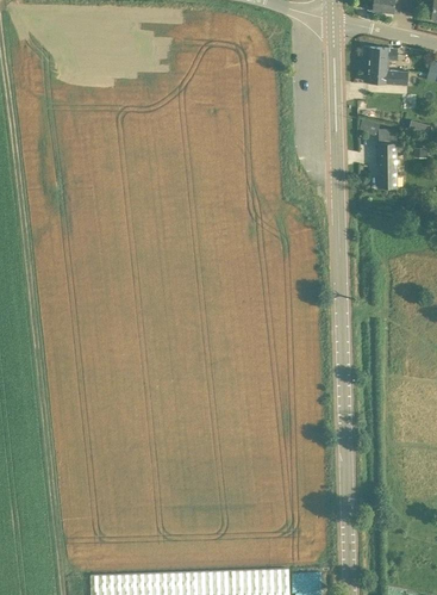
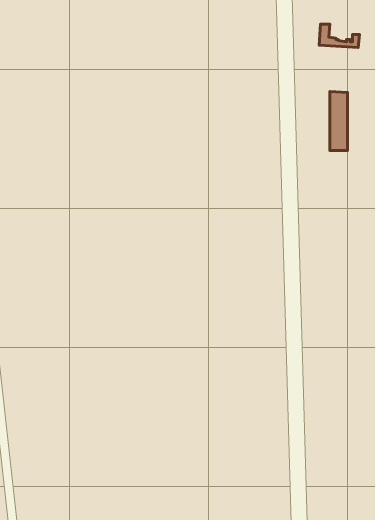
building: [367,47,399,78] -> none

